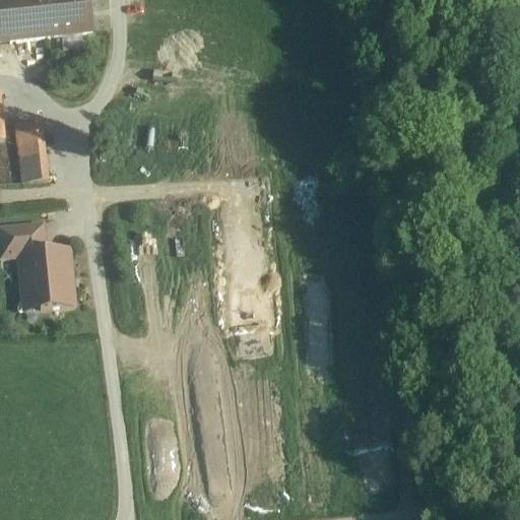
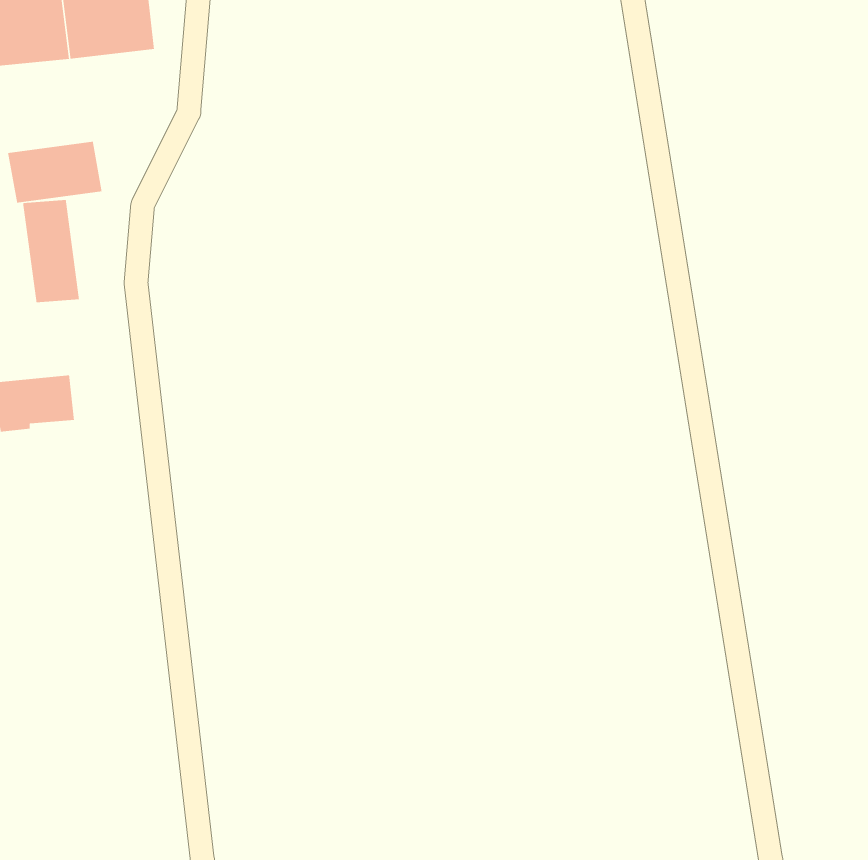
building: none -> [7,141,103,203]
building: [18,249,72,307] -> none

